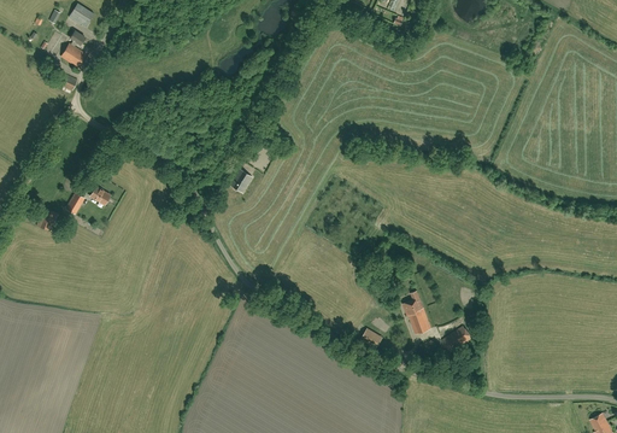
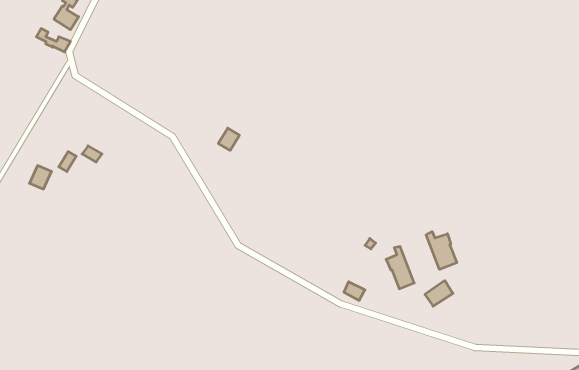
building: none -> [426,232,457,269]

